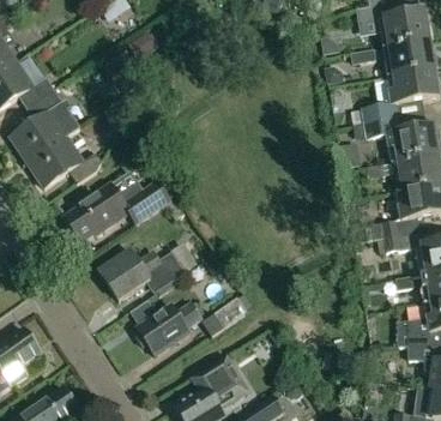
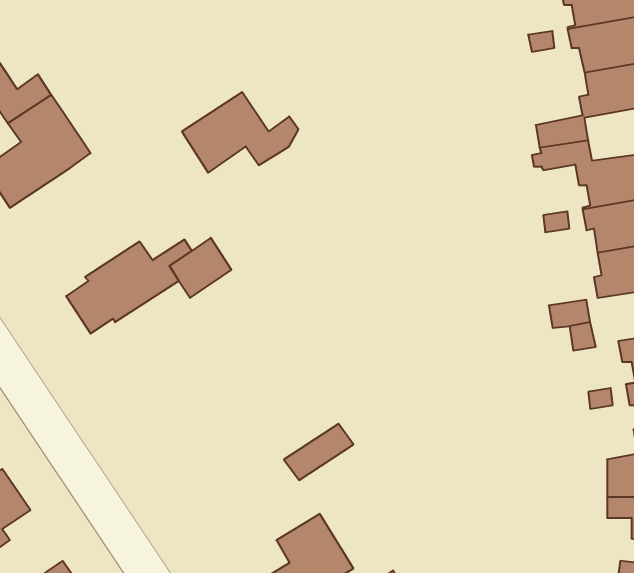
building: [28,136,102,187] -> [182,92,298,173]
building: [98,248,185,300] -> none
building: [133,303,200,355] -> none

